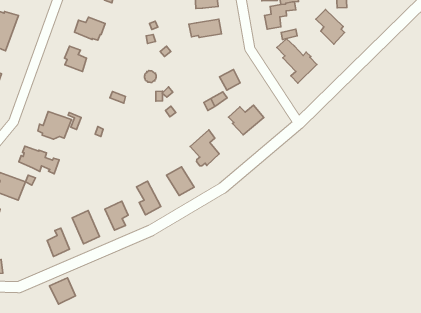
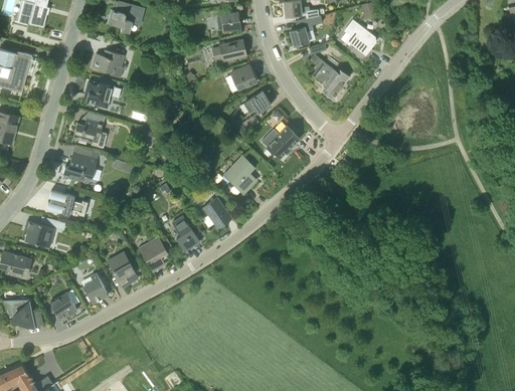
building: none -> [225,66,256,91]
building: none -> [73,120,106,148]
building: [50,278,76,304] -> [49,291,77,320]

